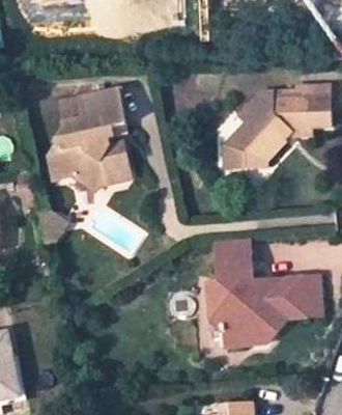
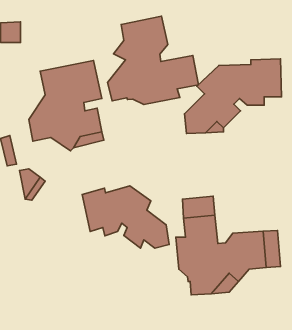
building: none -> [108,16,198,105]
building: none -> [82,186,169,248]

